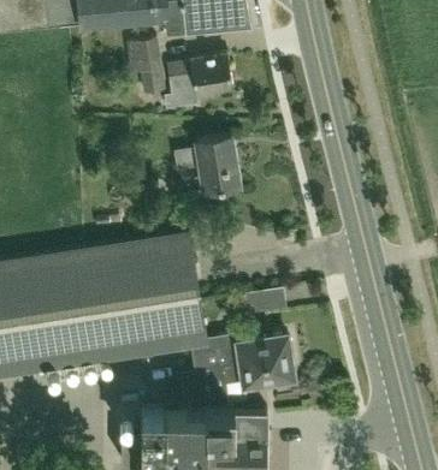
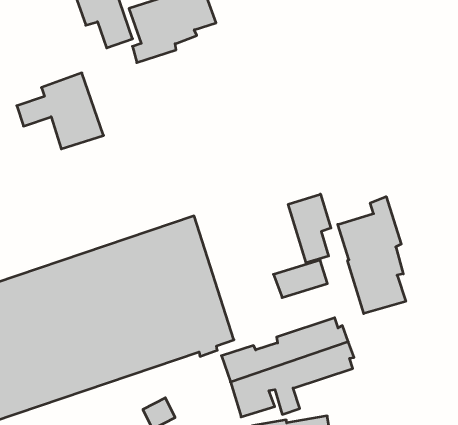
building: [174,135,238,191] -> [17,73,104,149]
building: none -> [288,194,331,263]
building: none -> [338,197,406,314]

